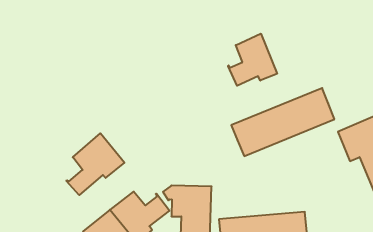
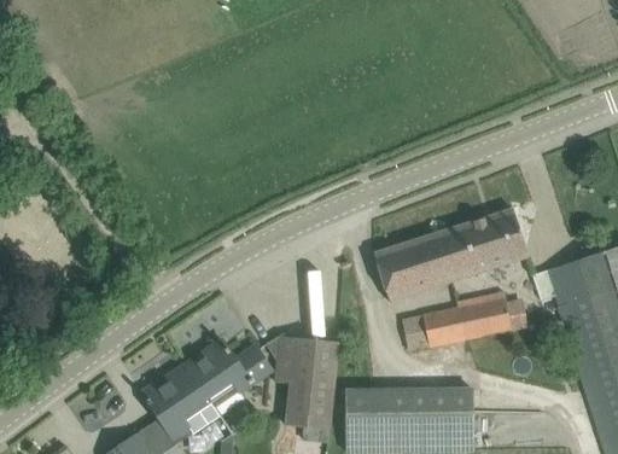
building: [228,34,277,86] -> none
building: [66,133,124,195] -> none
building: none -> [422,291,527,348]

